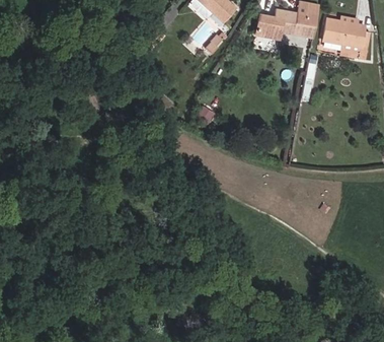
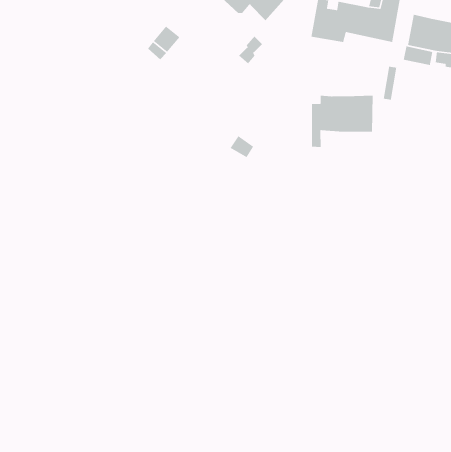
building: none -> [311,95,373,148]

